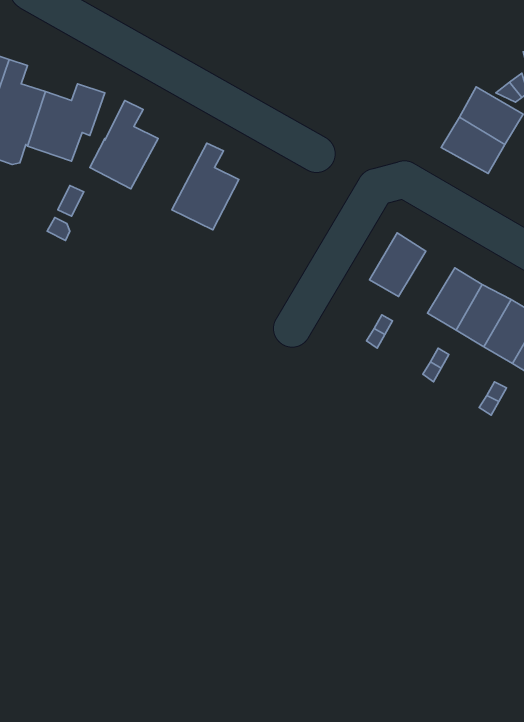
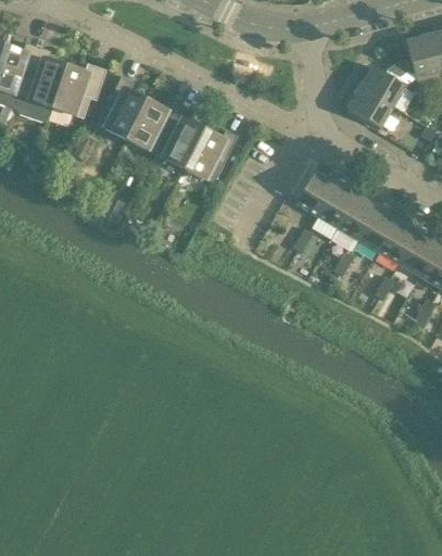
building: none -> [126,99,180,153]
building: none -> [185,128,238,182]
building: none -> [317,182,357,227]

